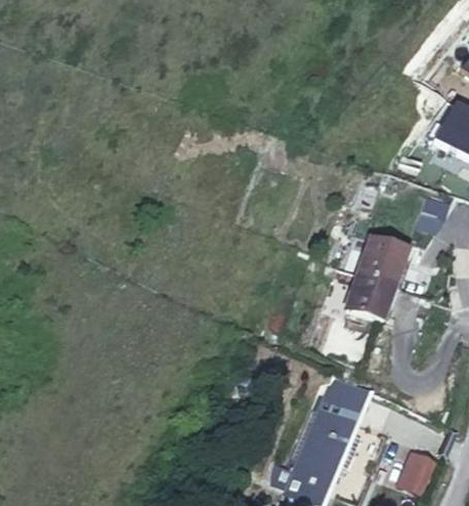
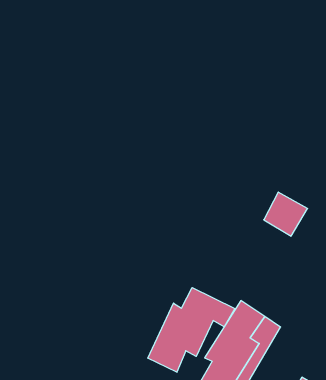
building: [335,273,385,326] -> none
building: none -> [148,288,235,372]

